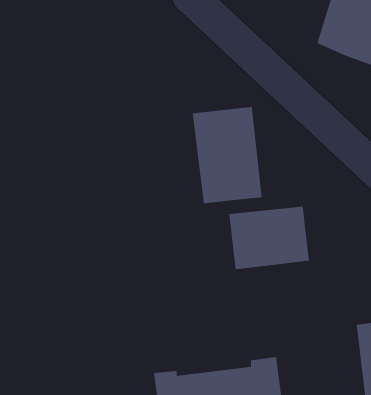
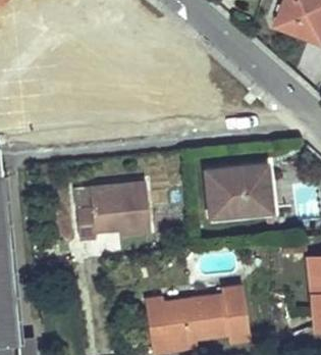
building: [192,106,262,204] -> none
building: none -> [76,183,150,240]

